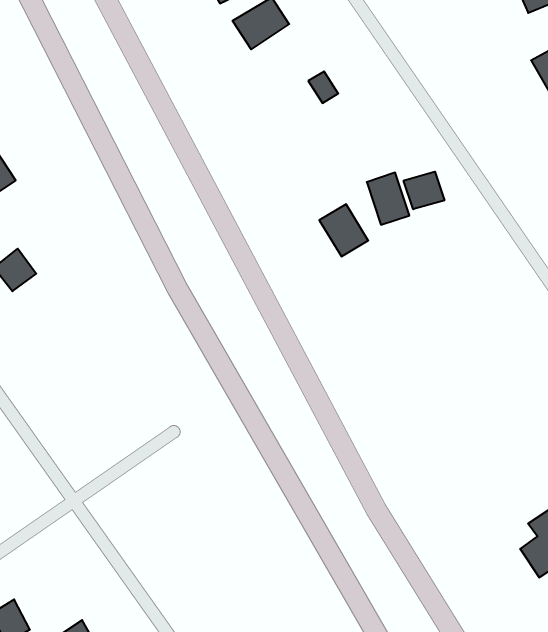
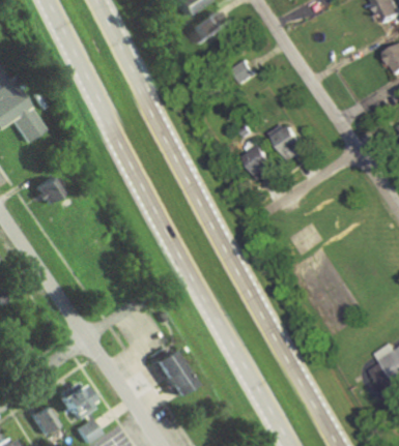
building: [404,172,444,209] -> none
building: none -> [156,352,196,397]
building: none -> [55,382,91,420]

